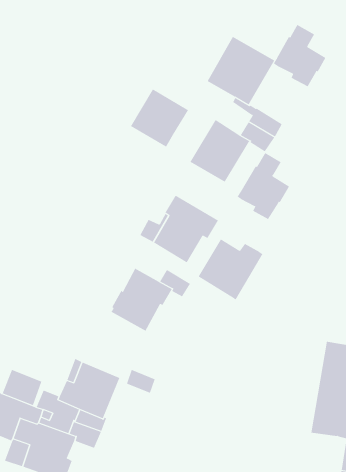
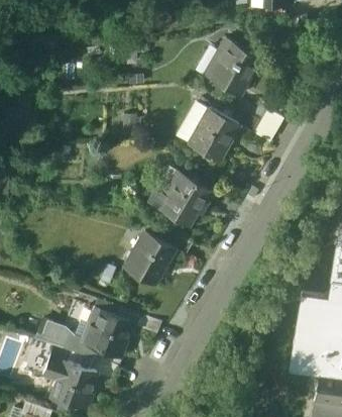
building: [273,24,326,87] -> none
building: [130,88,189,148] -> none
building: [237,152,290,220] -> none
building: [198,238,263,300] -> none

